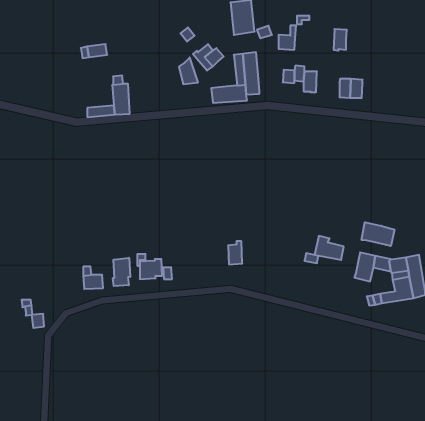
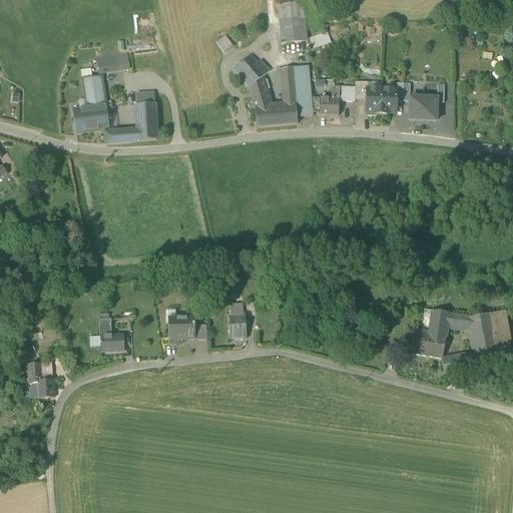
building: [279,26,296,50] -> [319,84,340,113]
building: [334,29,347,51] -> [381,86,397,112]
building: [179,57,198,84] -> [249,74,273,106]
building: none -> [73,73,108,131]
building: [362,222,394,246] -> none
building: [315,236,344,260] -> [411,327,446,356]
building: [228,241,242,264] -> [229,309,246,337]
building: [113,258,130,286] -> none

